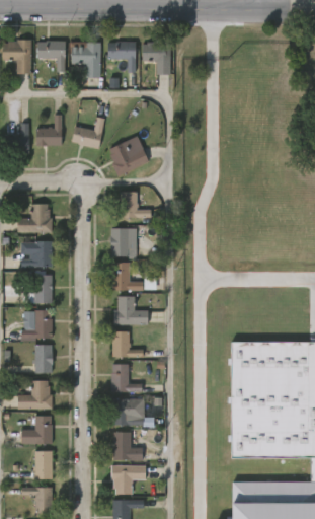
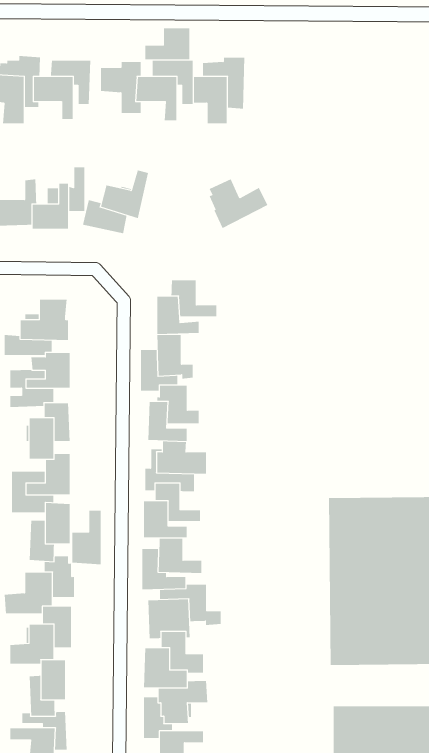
building: none -> [145,27,190,60]
building: [110,142,151,176] -> [209,178,268,229]
building: none -> [72,510,101,565]

